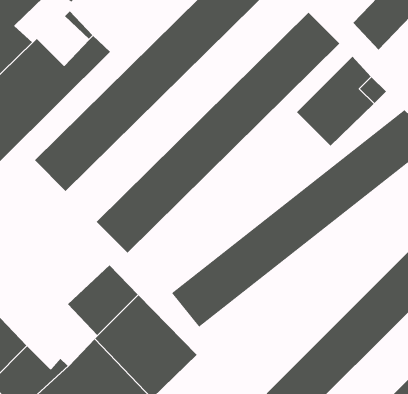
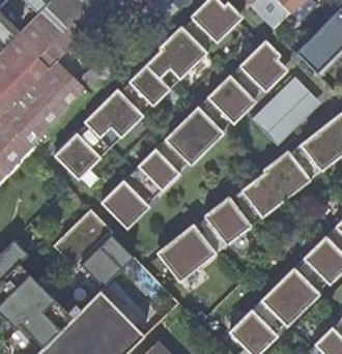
building: none -> [54,209,113,269]

